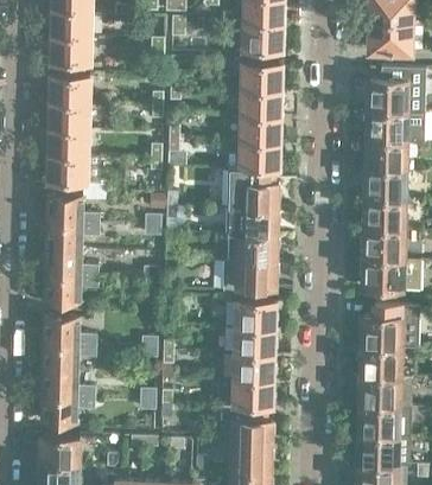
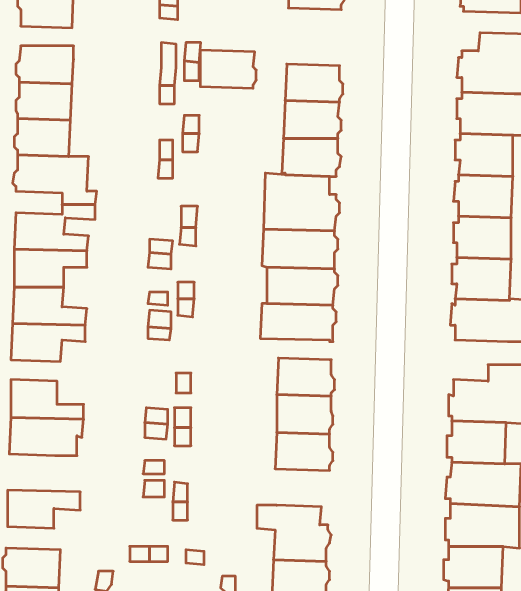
building: [243,65,284,92] -> [200,50,256,88]
building: [43,371,96,398] -> none
building: [235,382,275,409] -> none

